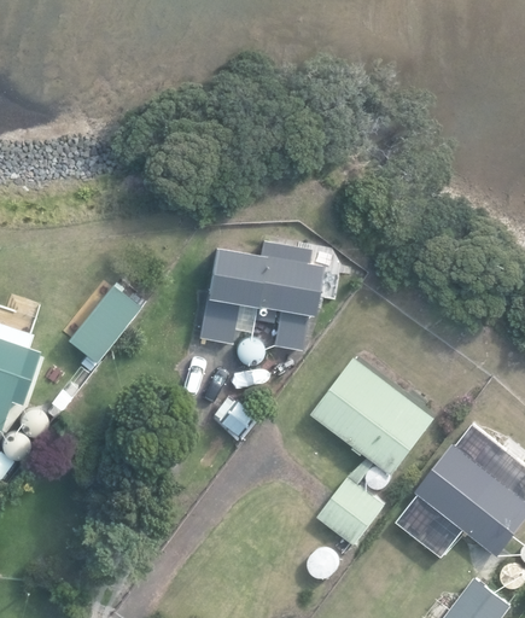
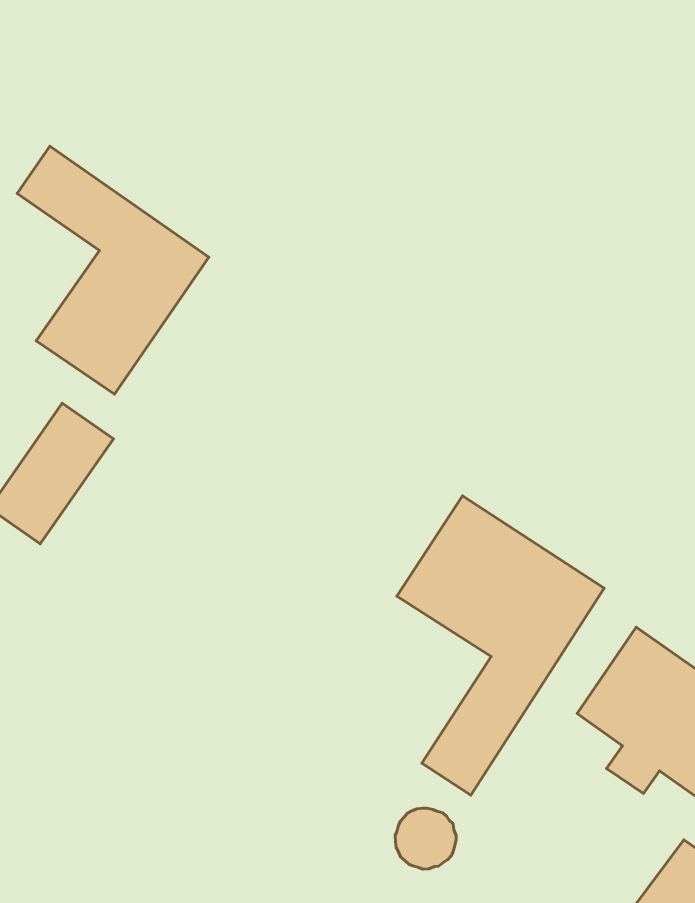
building: none -> [17,146,209,394]
building: [203,244,322,351] -> none

